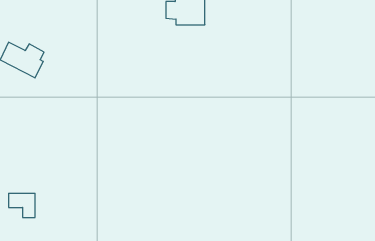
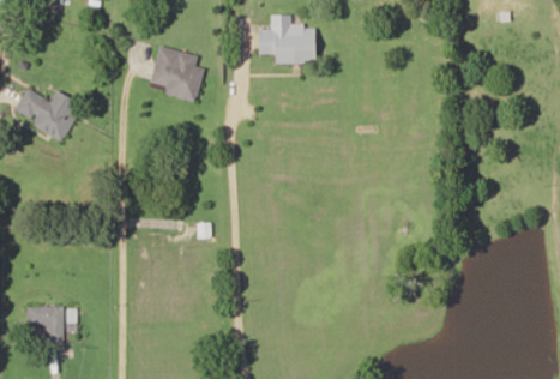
building: none -> [151,47,207,103]

